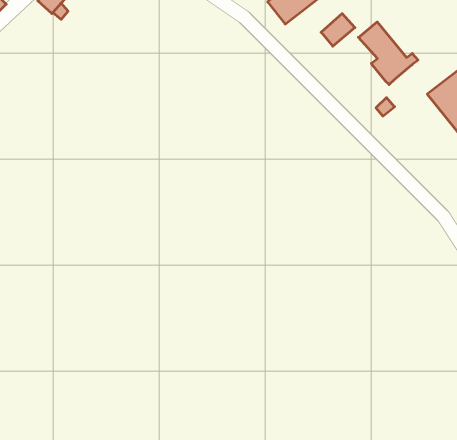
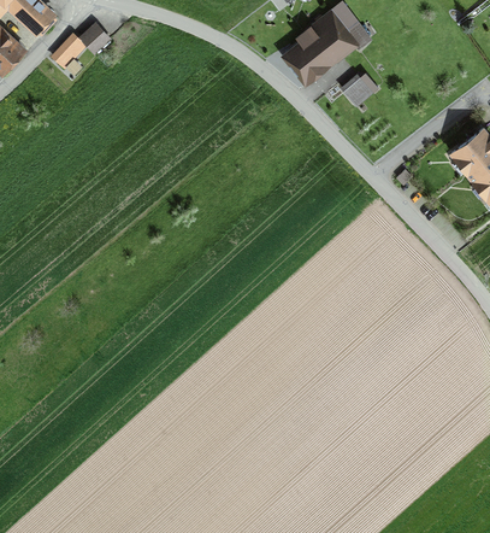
building: [358,22,418,85] -> none

